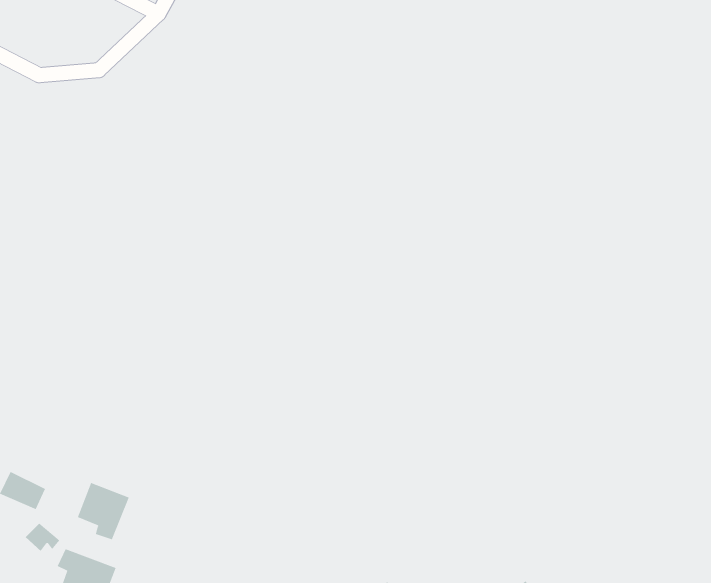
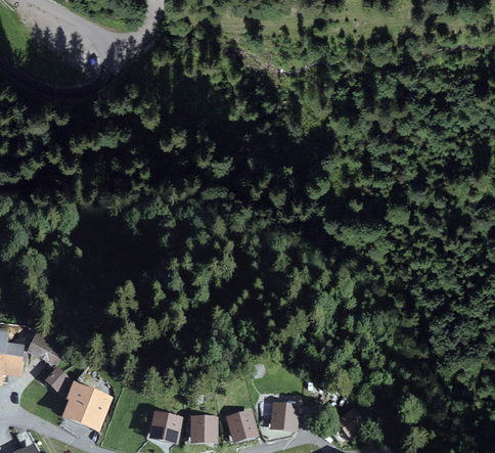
building: [77,482,129,540] -> none

